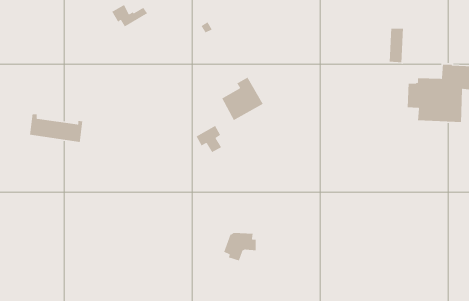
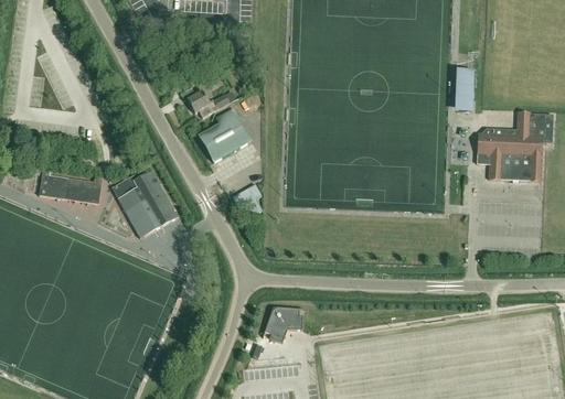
building: [111,4,148,28] -> [186,89,230,117]
building: [221,76,264,121] -> [199,109,248,161]
building: none -> [111,165,177,236]

